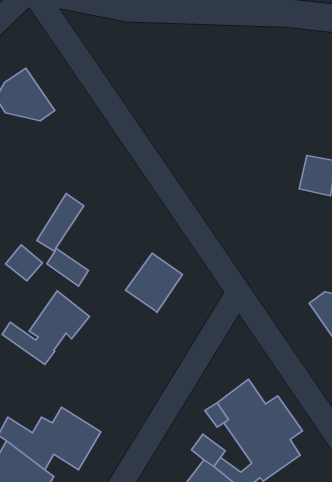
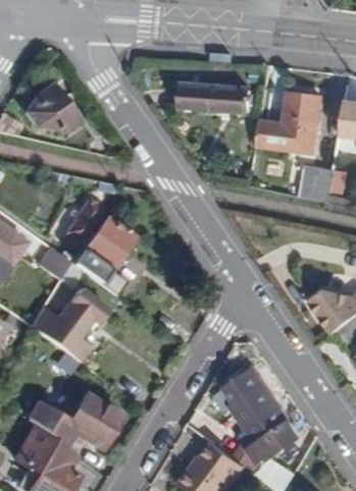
building: none -> [183,81,252,111]
building: none -> [256,90,322,152]
building: [125,253,183,312] -> [82,217,134,271]

